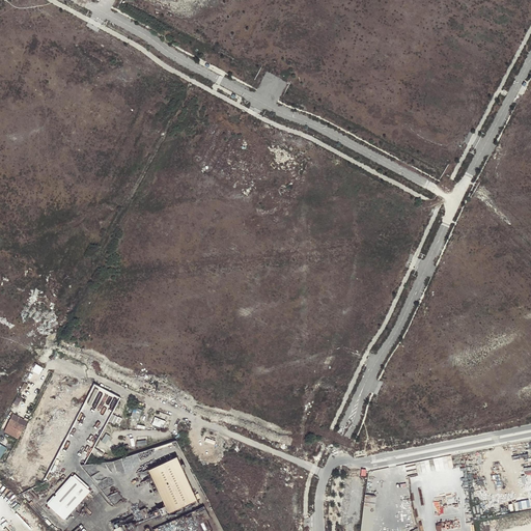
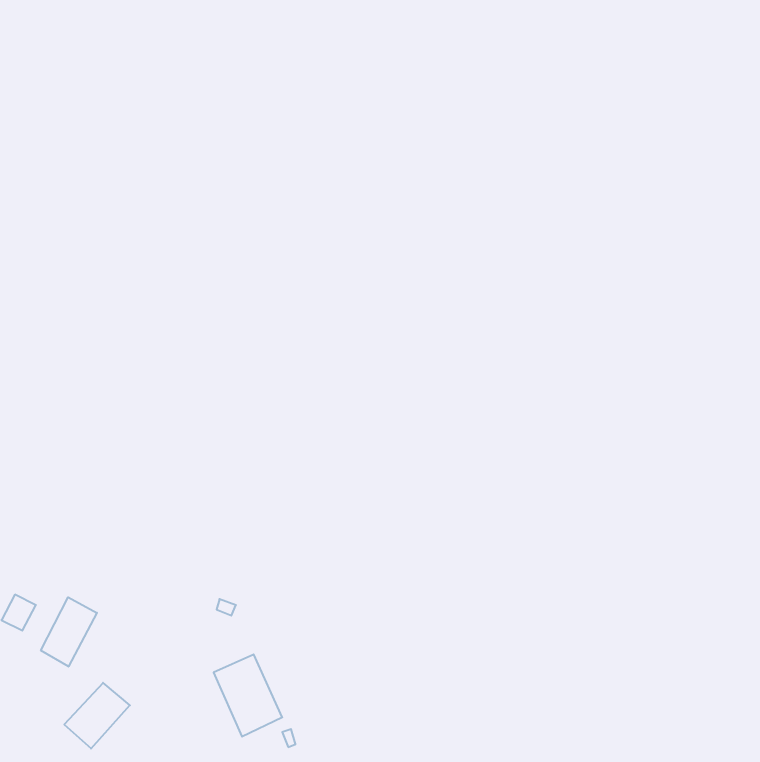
building: none -> [41,597,97,667]

